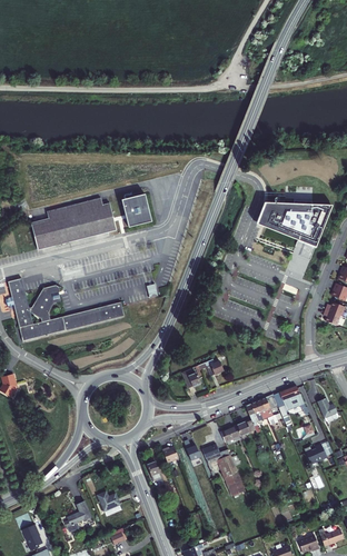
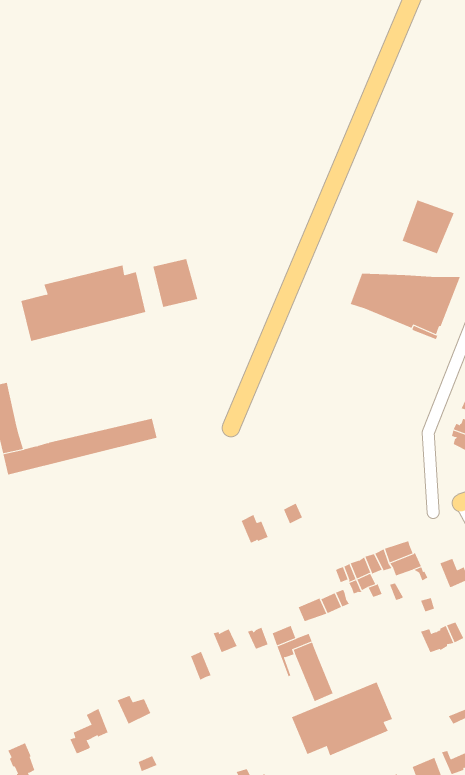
building: none -> [402,200,454,254]
building: [29,285,61,321] -> none
building: none -> [291,682,393,756]

